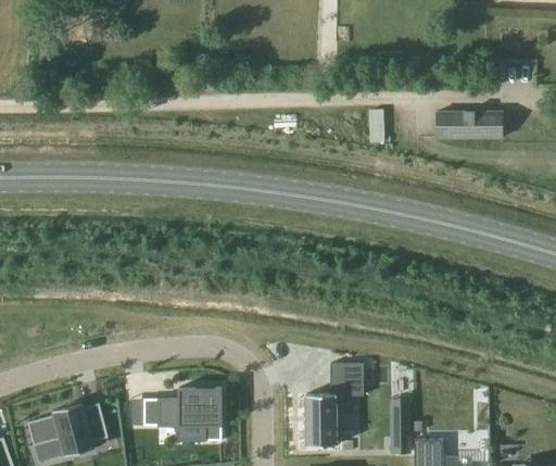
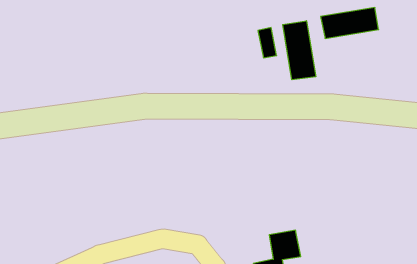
building: none -> [283,21,316,80]

